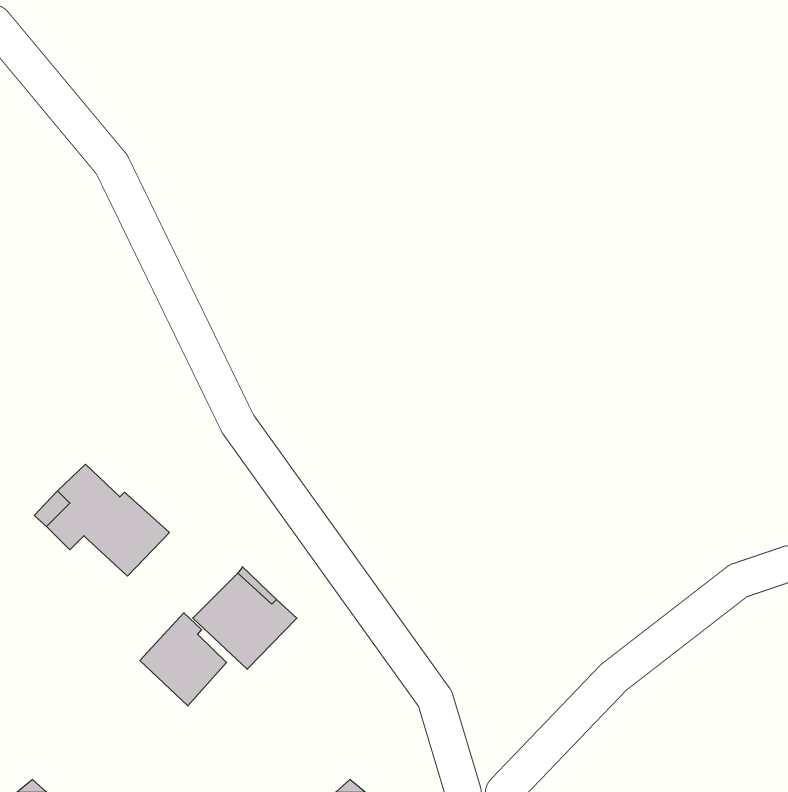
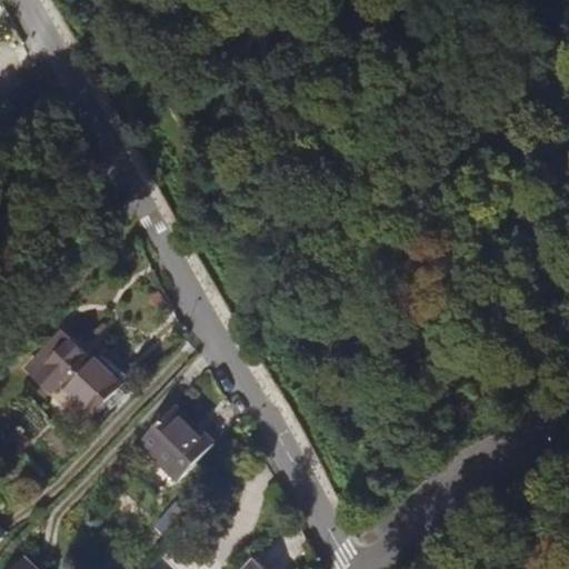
building: [140,613,227,706] -> none

